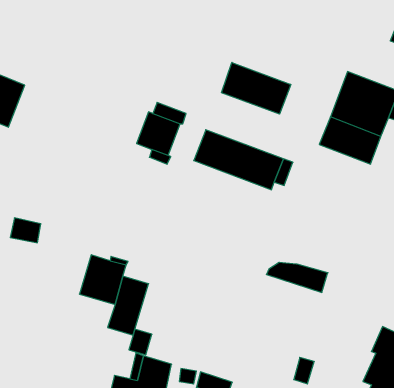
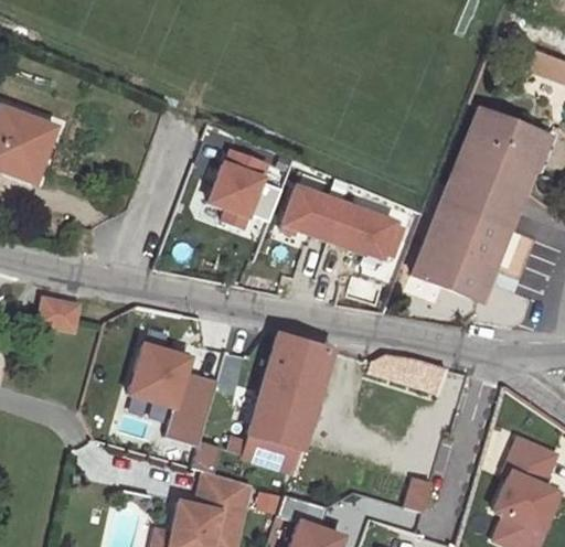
building: [221,62,291,114] -> none
building: none -> [413,203,507,299]
building: none -> [238,334,327,471]

